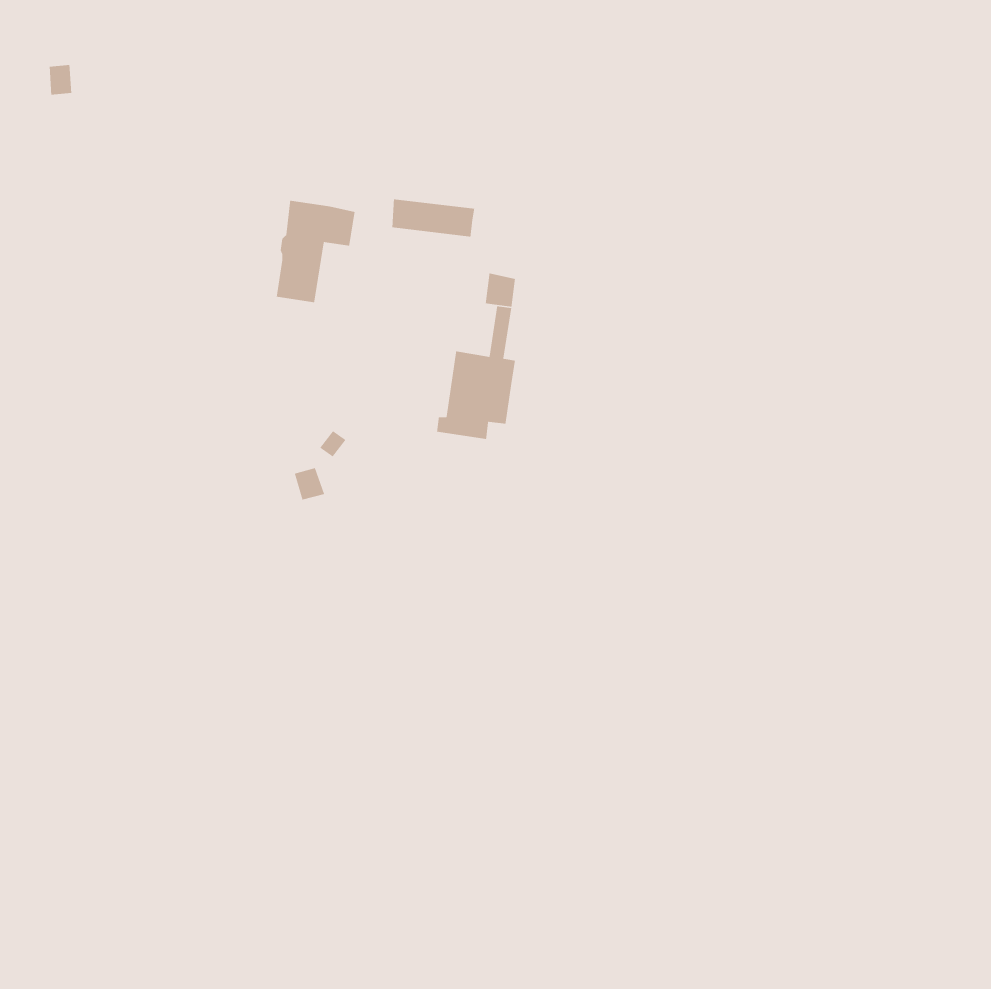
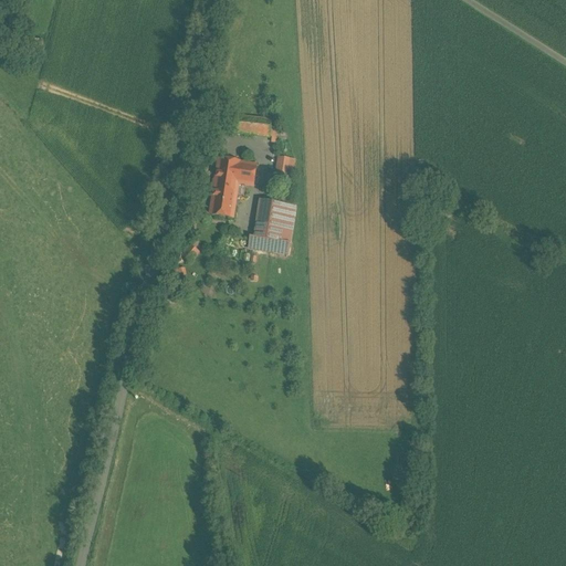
building: [276,200,356,303] -> [209,157,254,216]

